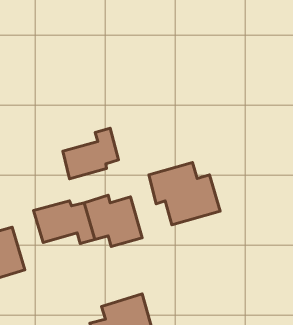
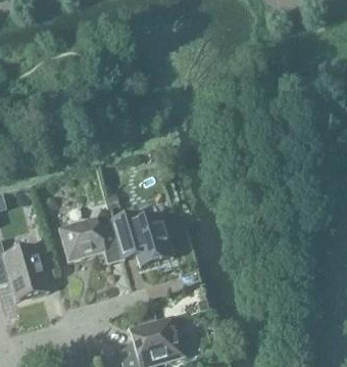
building: [63,128,118,179] -> none
building: [149,162,220,225] -> none

